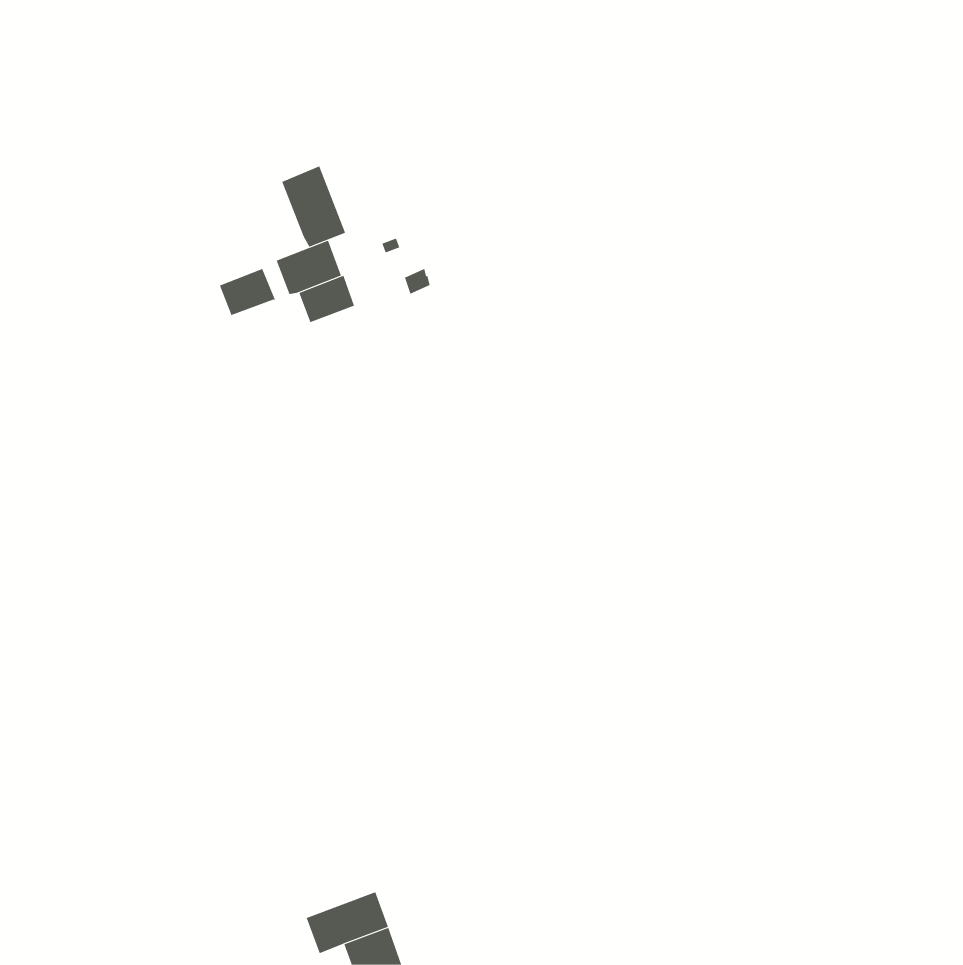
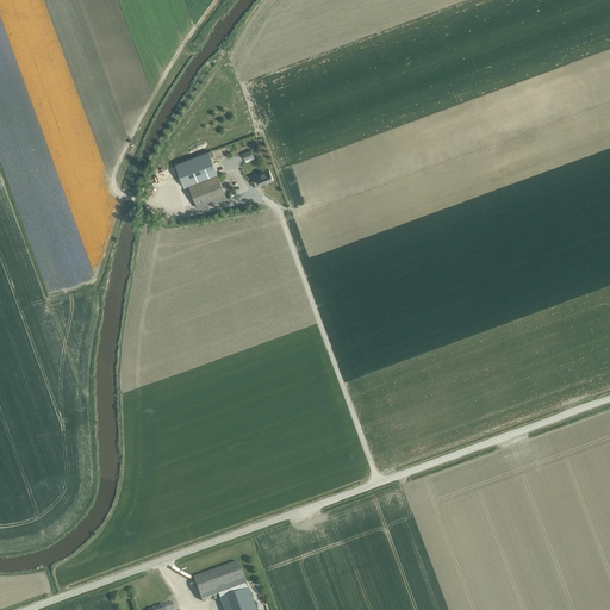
building: [282,166,346,247] -> none
building: [219,268,276,316] -> none

